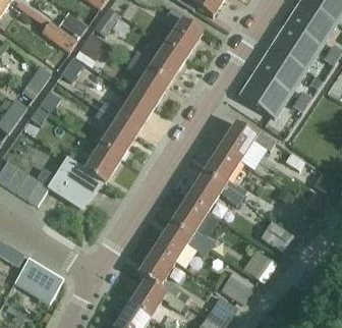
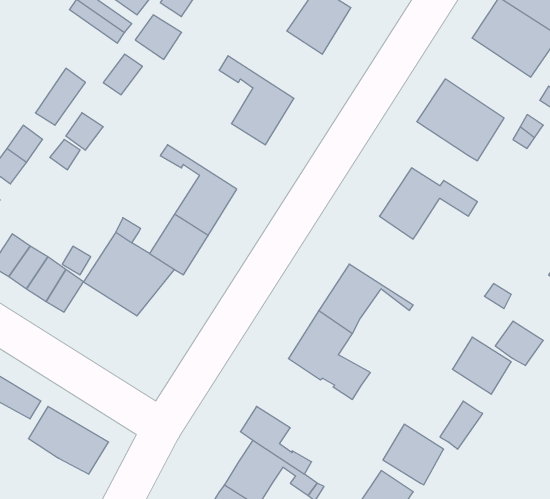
building: [131,44,185,83] -> none
building: [255,48,304,94] -> none
building: [97,97,153,134] -> none
building: [201,150,244,201] -> none
building: [148,231,184,271] -> none

